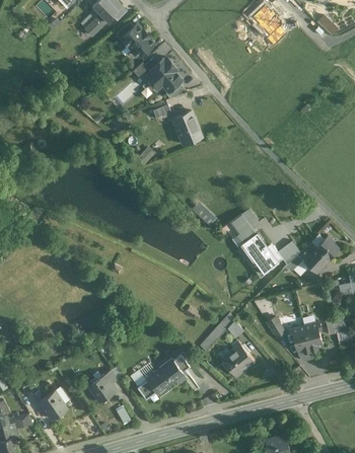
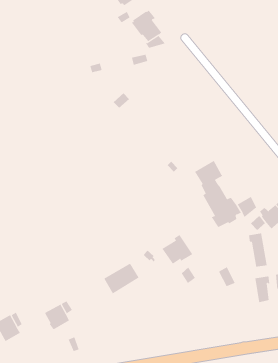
building: [172,110,201,144] -> none
building: [290,326,313,363] -> [248,233,267,267]
building: [221,343,255,375] -> [162,234,193,265]
building: [145,360,183,394] -> [103,263,140,294]

